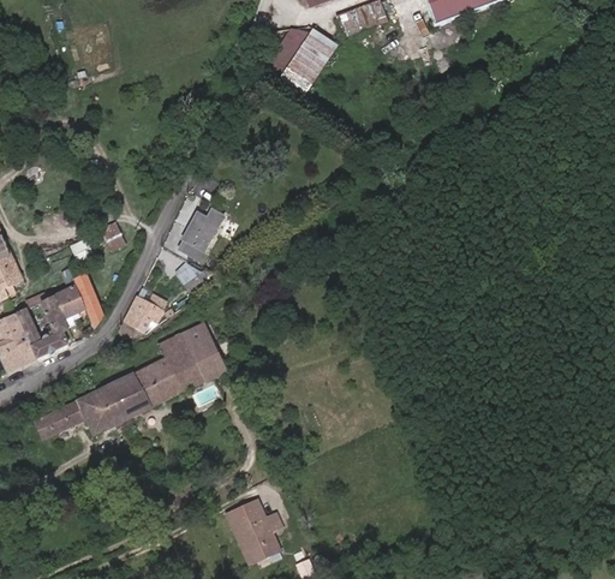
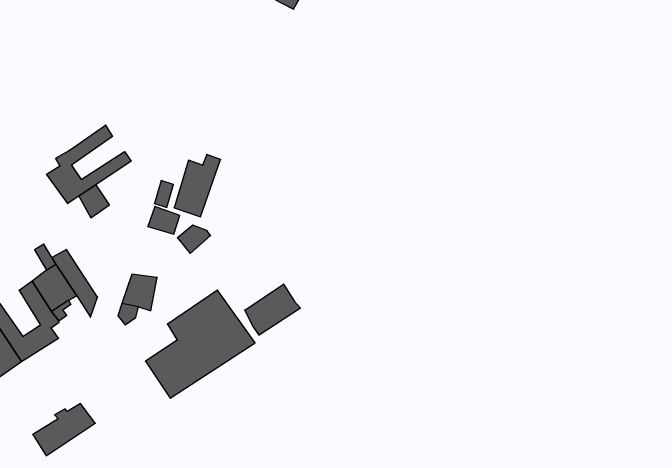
building: none -> [47,125,131,204]
building: none -> [245,284,300,335]
building: [74,372,149,434] -> none

